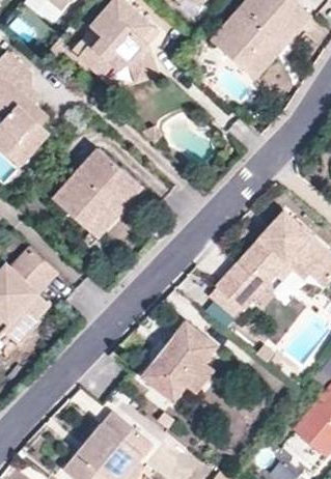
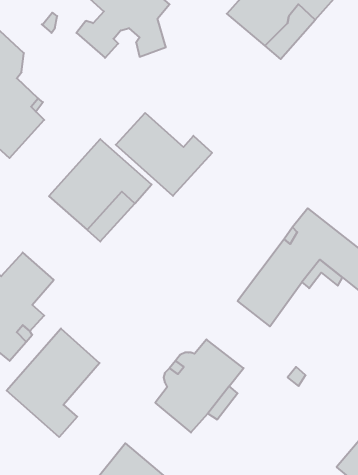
building: none -> [116,113,212,196]
building: none -> [7,328,100,437]

